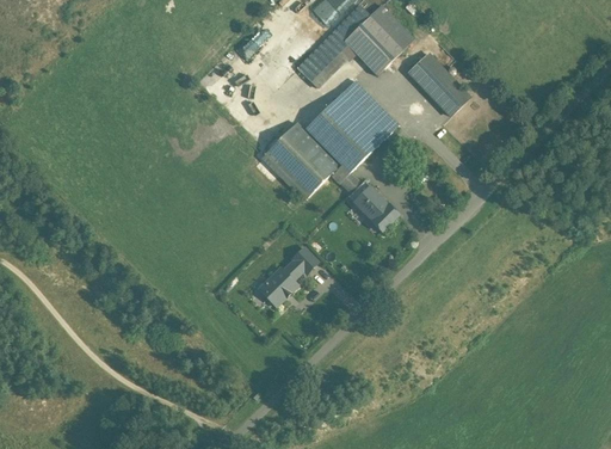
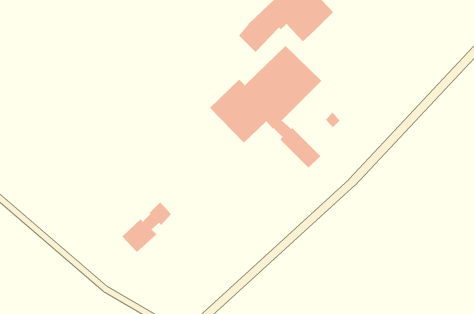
building: [407,51,471,116] -> none
building: [257,245,319,308] -> [122,202,172,253]

